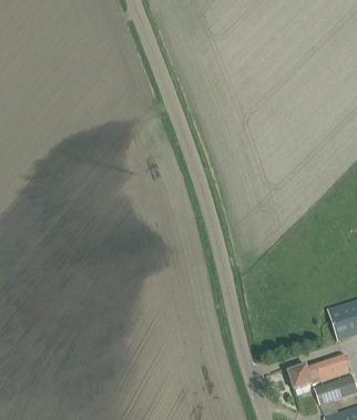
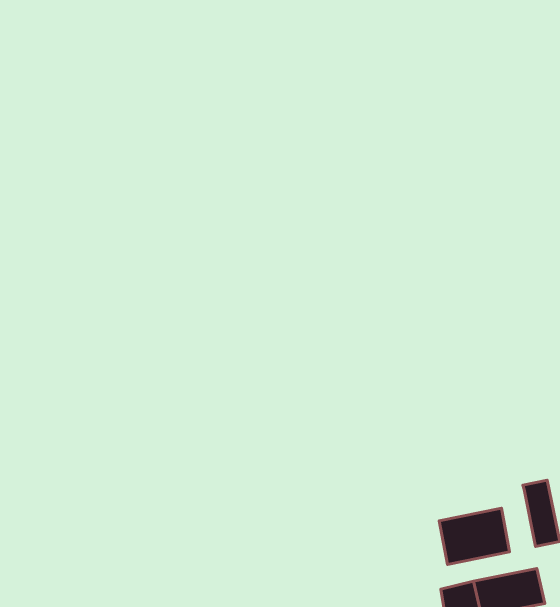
building: none -> [439,508,510,565]

